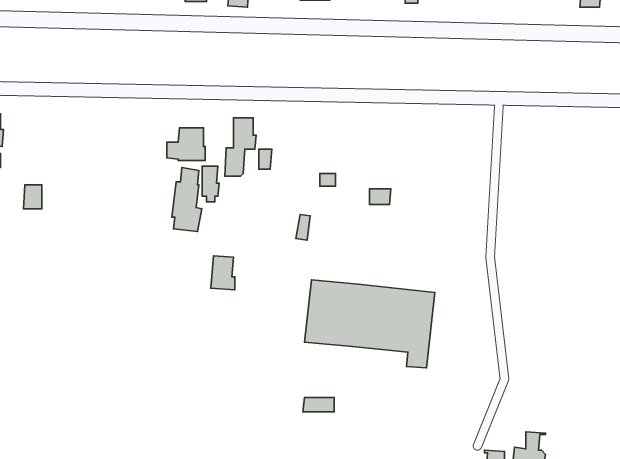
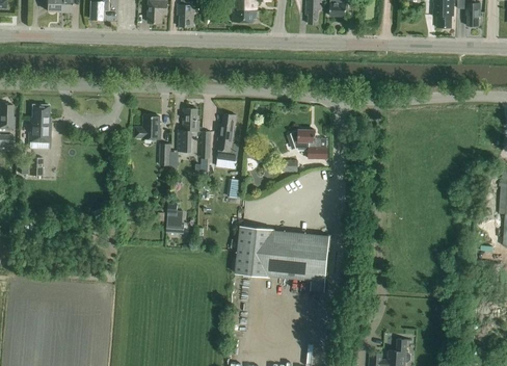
building: none -> [28,105,51,142]
building: none -> [291,129,327,158]
building: [172,168,202,232] -> [216,113,238,160]

